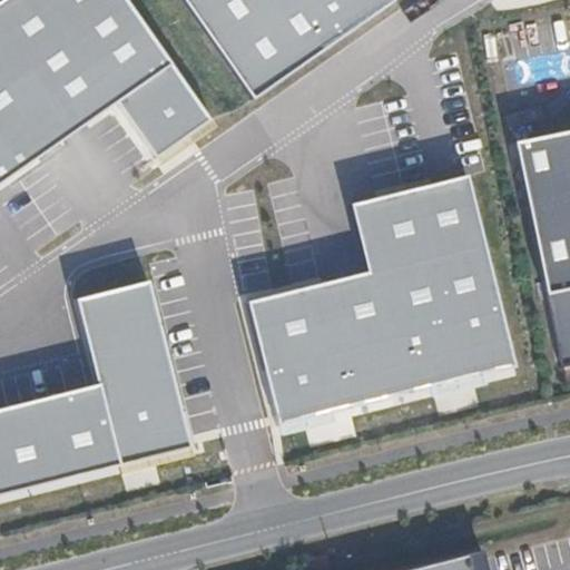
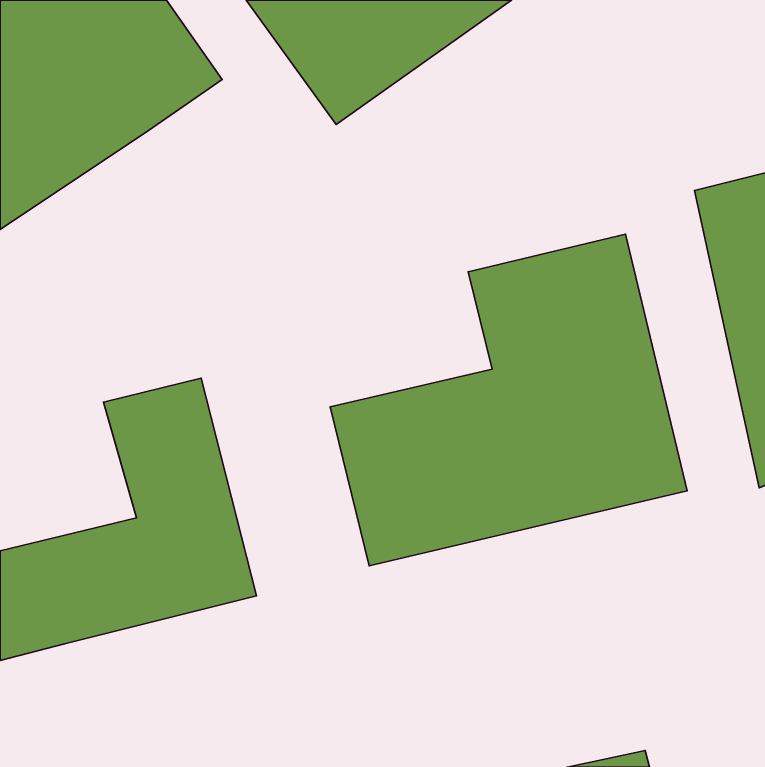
building: [111,59,206,156] -> none

